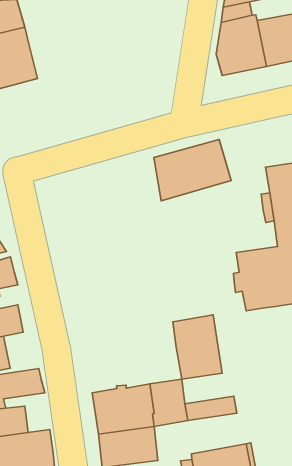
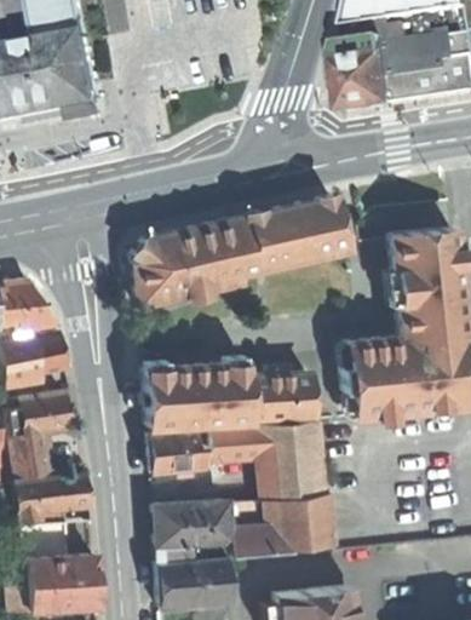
building: none -> [136,216,257,304]
building: none -> [145,363,314,429]
building: none -> [211,426,265,464]
building: none -> [150,432,199,473]
building: none -> [270,494,335,532]

